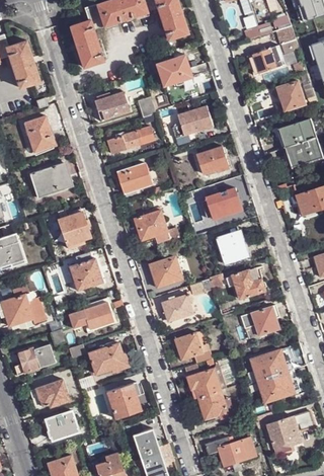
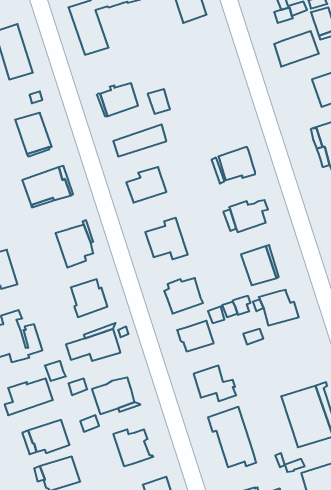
building: [154,54,190,85] -> none
building: [168,104,212,139] -> none
building: [250,307,279,336] -> none

